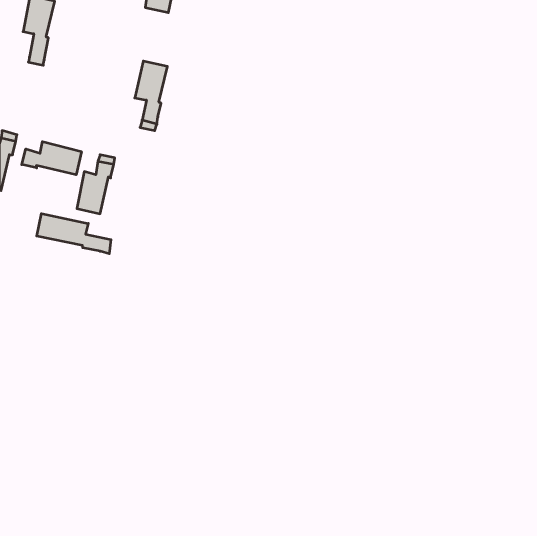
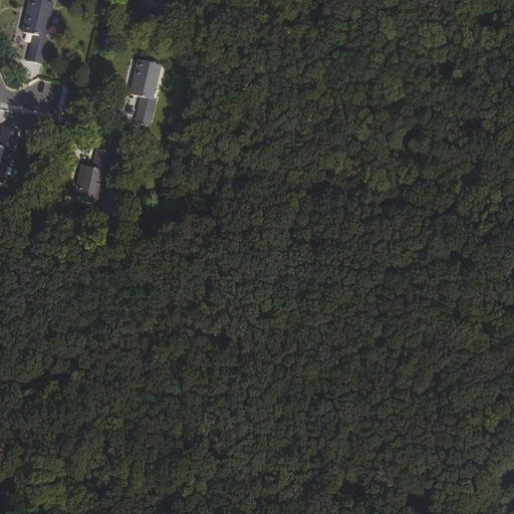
building: [22,142,81,175] -> none
building: [37,214,111,254] -> none

